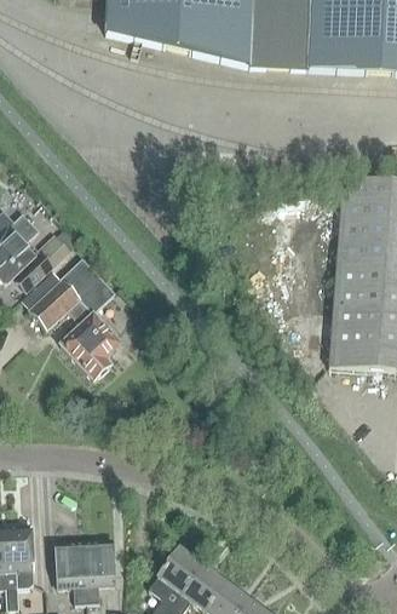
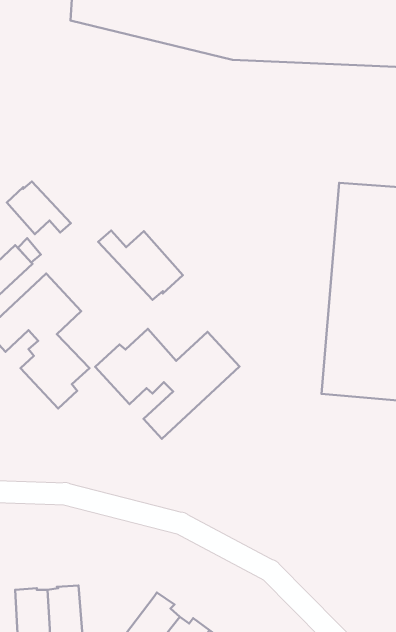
building: none -> [7,182,71,234]
building: none -> [98,231,183,300]
building: none -> [95,329,240,439]

